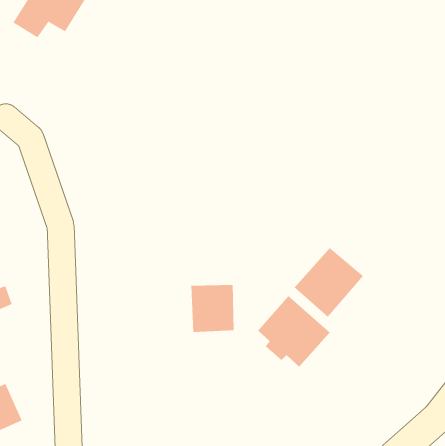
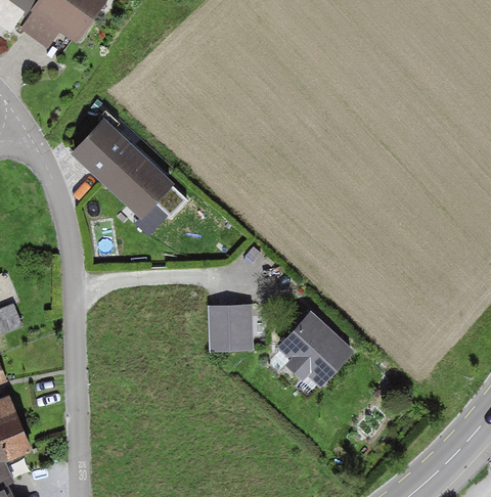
building: none -> [75,121,187,215]
building: [294,247,364,318] -> none

